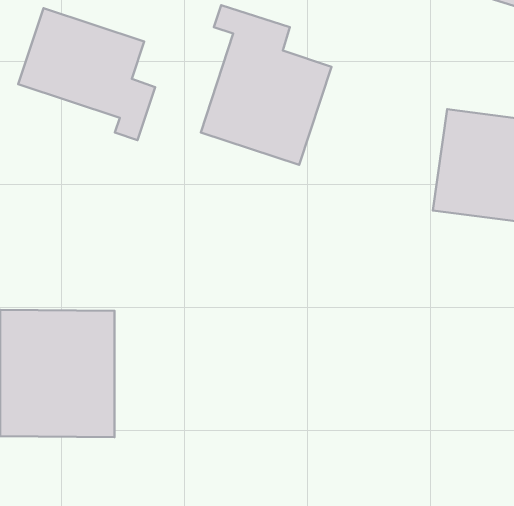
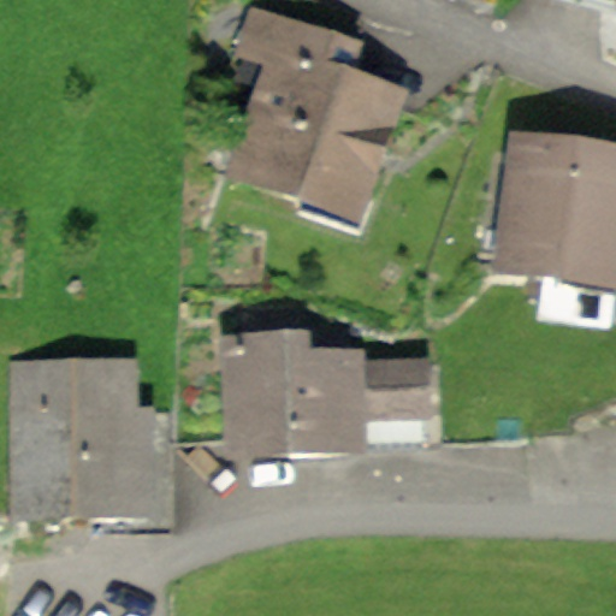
building: [18,8,155,140] -> none
building: none -> [215,344,428,467]

